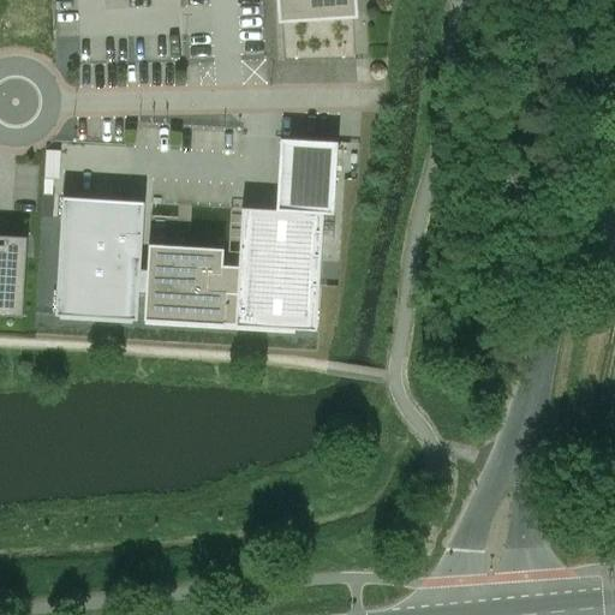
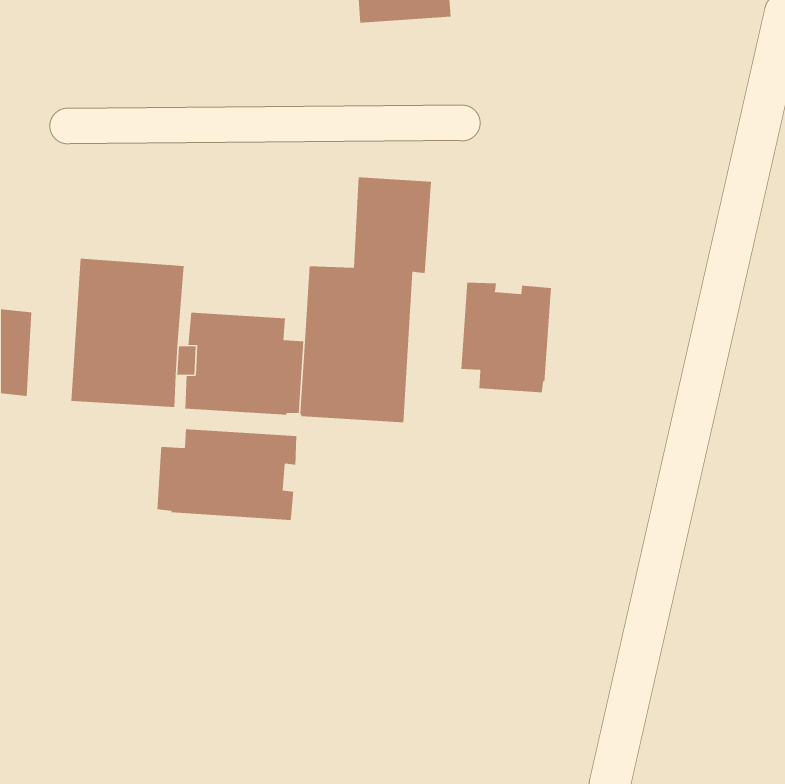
building: none -> [461,282,552,393]
building: none -> [157,428,297,521]

